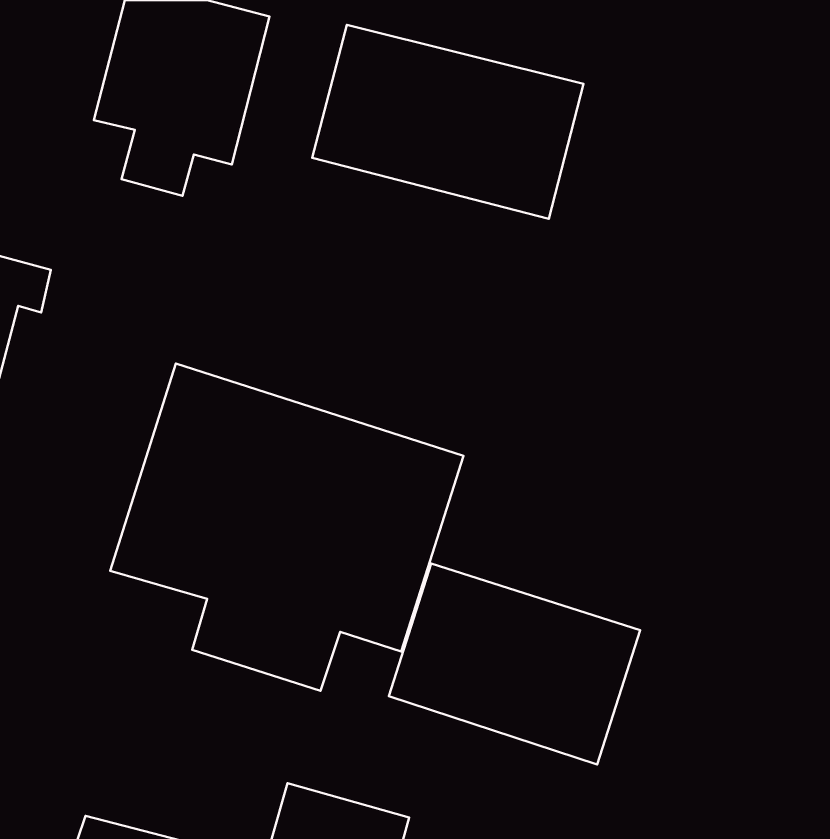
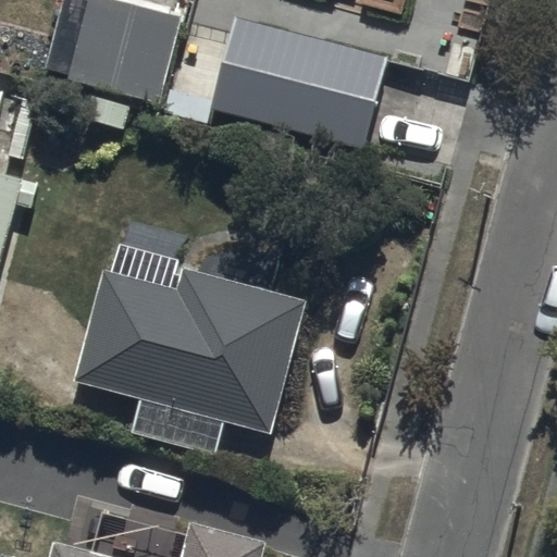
building: [389,563,640,765] -> none

